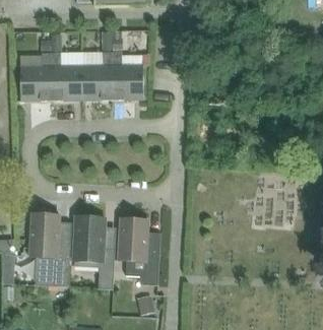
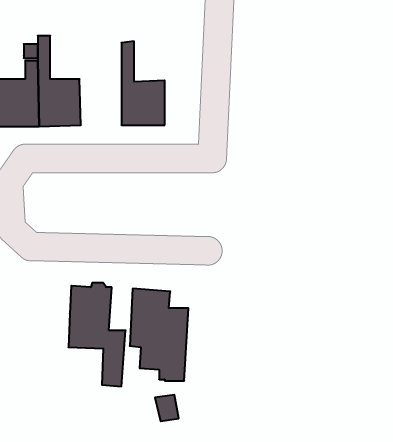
building: [81,29,112,97] -> none
building: [28,212,71,285] -> none

